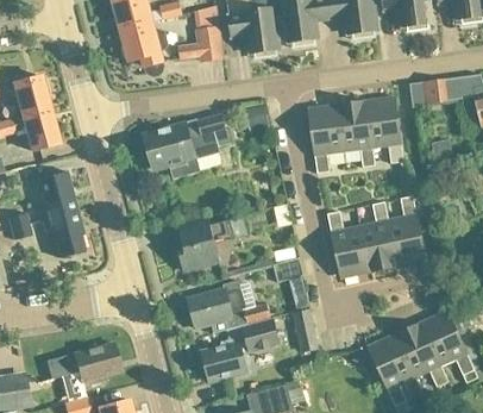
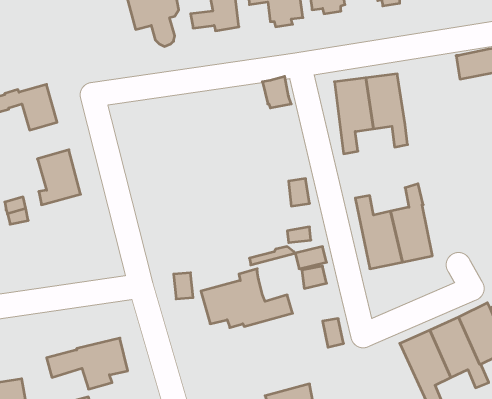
building: [11,76,46,118] -> none
building: [365,96,403,163] -> none
building: [143,114,230,177] -> none
building: [388,196,426,267] -> none
building: [42,211,84,258] -> none
building: [174,215,245,271] -> none
building: [201,318,278,382] -> none

